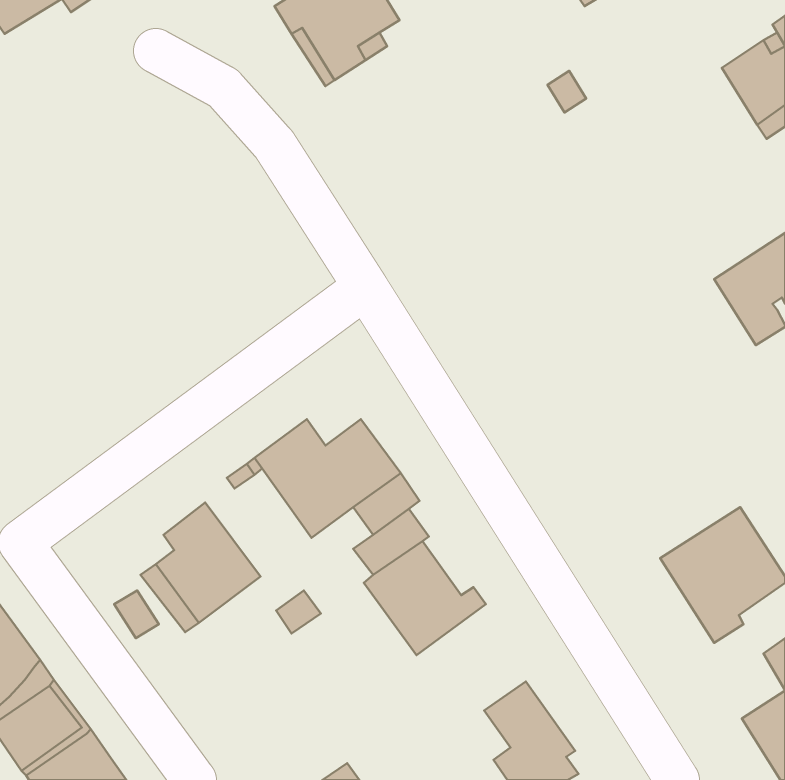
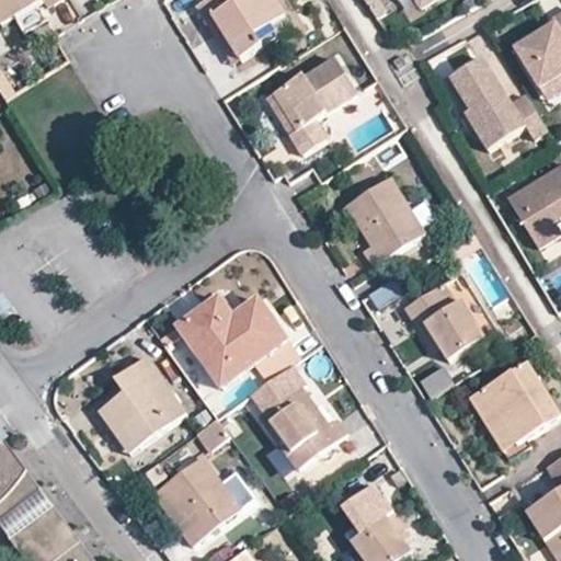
building: none -> [267,55,356,152]
building: none -> [448,57,545,149]
building: none -> [344,178,423,264]
building: none -> [403,285,483,359]
building: none -> [159,455,240,543]

